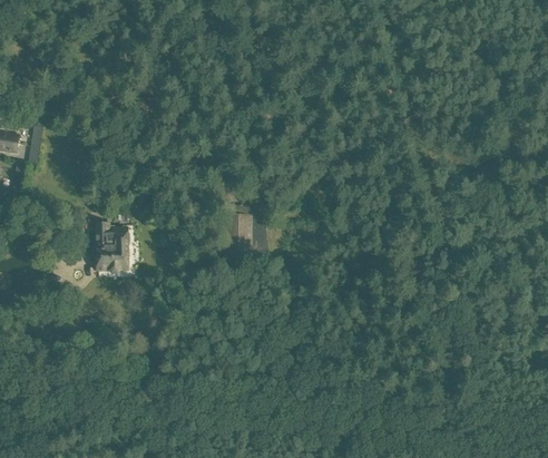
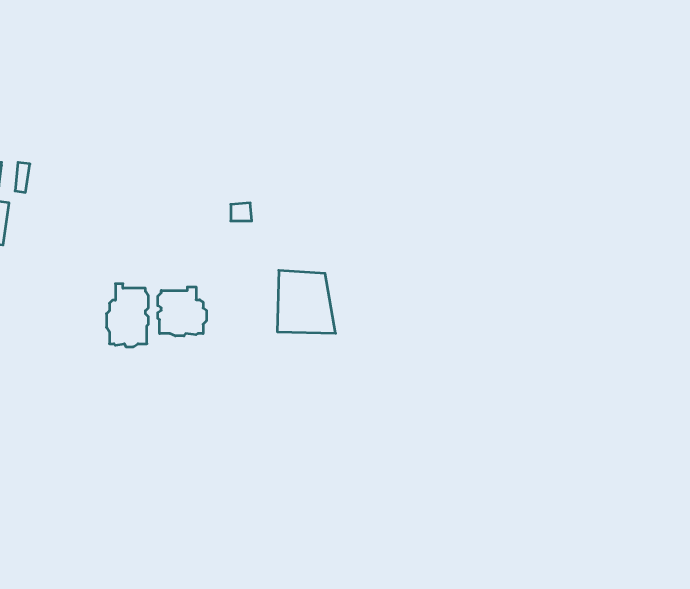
building: none -> [158,287,206,336]

